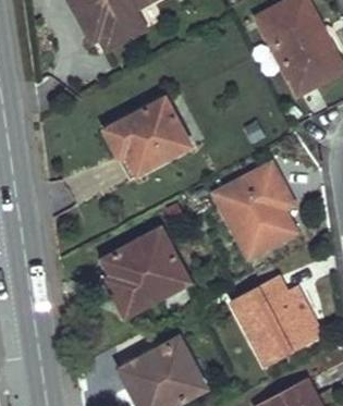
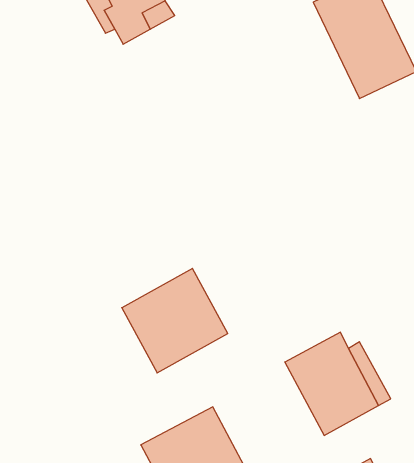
building: [106,100,188,174] -> none
building: [216,167,294,257] -> none

